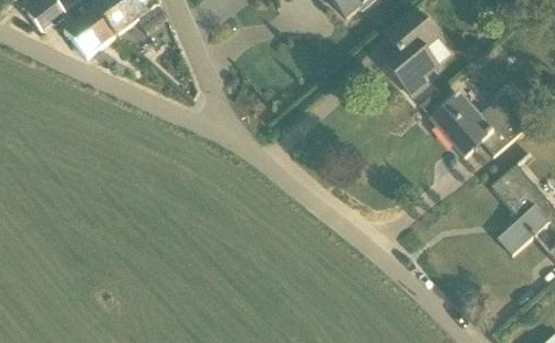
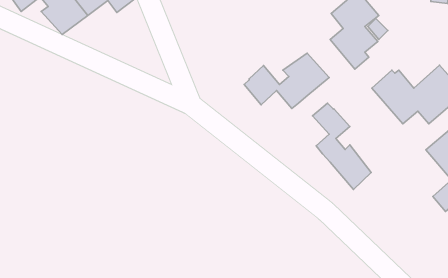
building: none -> [244,53,329,108]
building: none -> [312,103,371,190]

